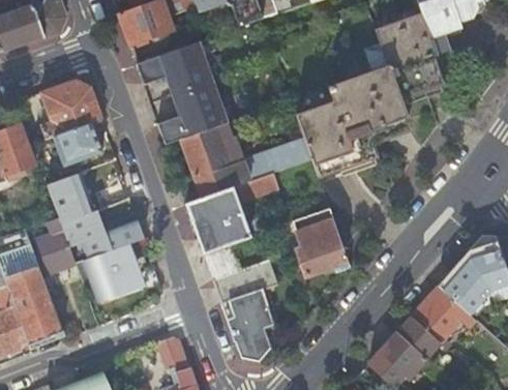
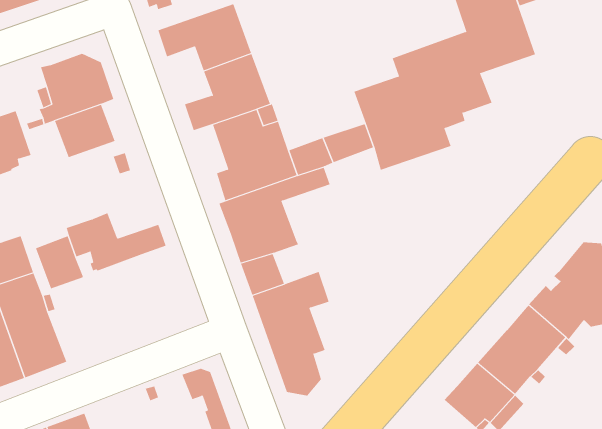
building: [48,176,84,222] -> none
building: [283,206,349,275] -> none
building: [85,244,158,298] -> none

